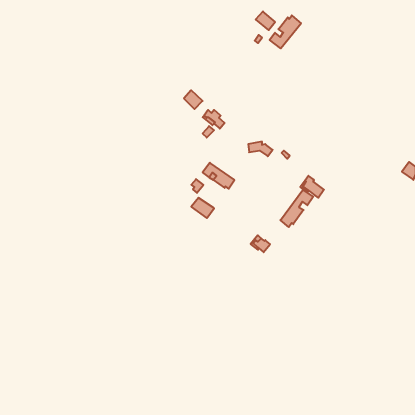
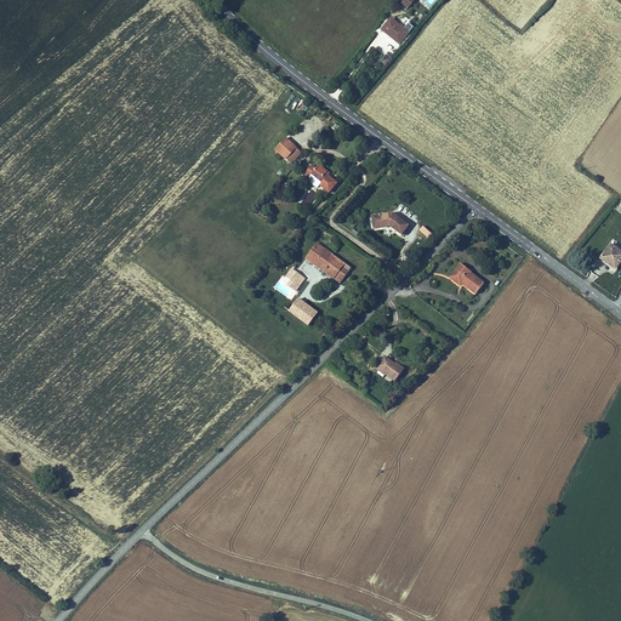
building: [270,15,301,48] -> none
building: [280,190,313,227] -> none

